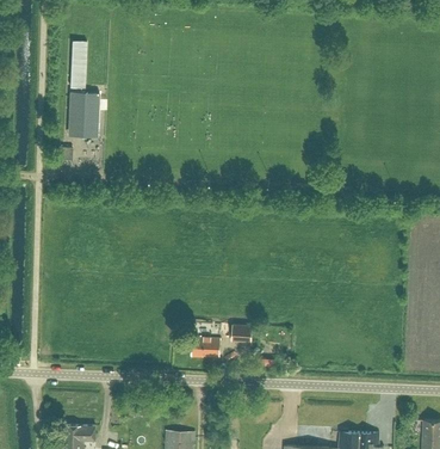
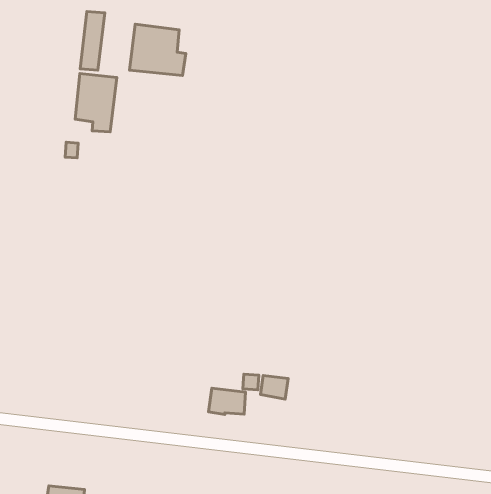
building: none -> [130,24,186,76]

